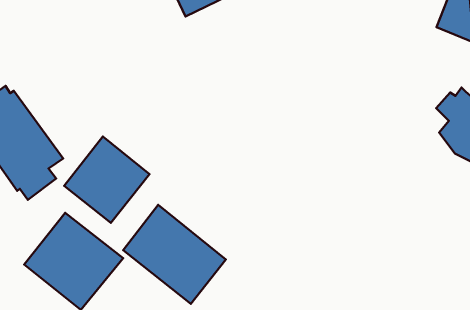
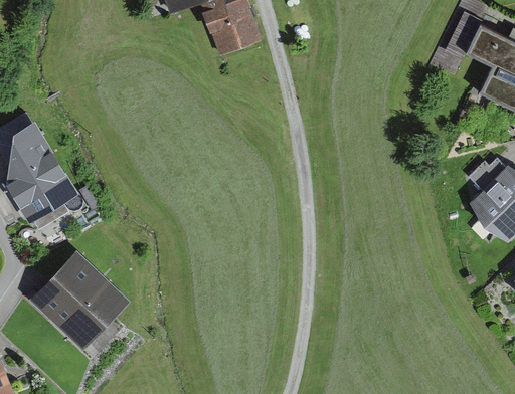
building: [64,136,149,223] -> none
building: [123,205,226,304] -> none

